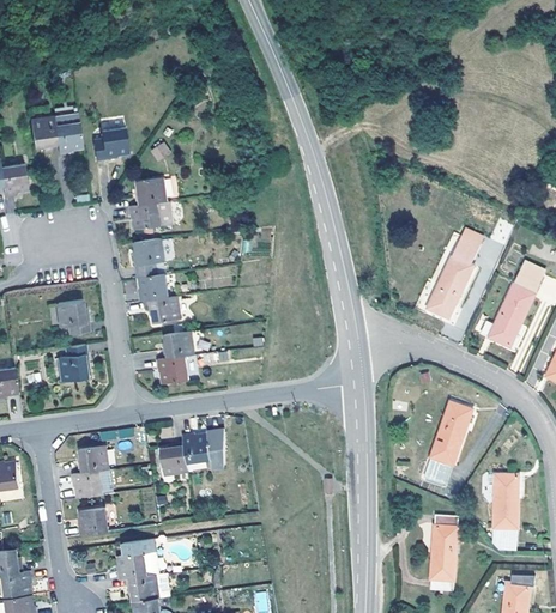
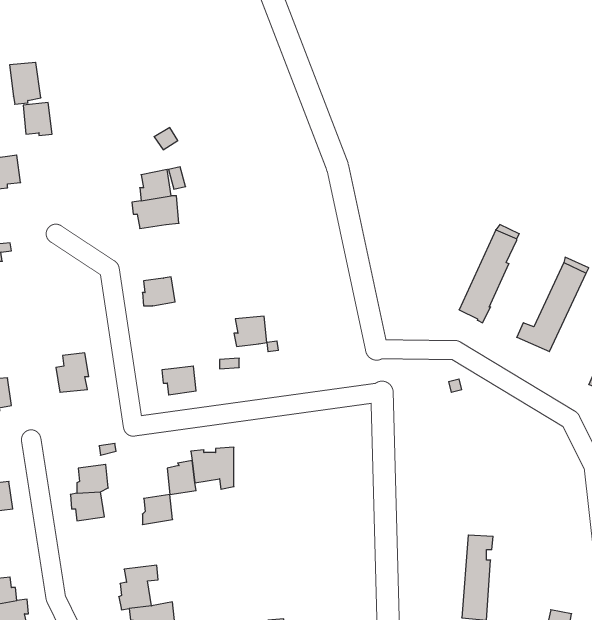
building: [52,114,80,152] -> [10,62,41,104]
building: [91,127,126,159] -> none
building: [133,239,163,279] -> none
building: [147,297,179,324] -> none
building: [58,301,90,335] -> none
building: [162,332,192,359] -> [234,316,267,346]
building: [424,400,472,481] -> none
building: [494,472,519,548] -> none
building: [79,508,107,535] -> [142,494,173,525]

